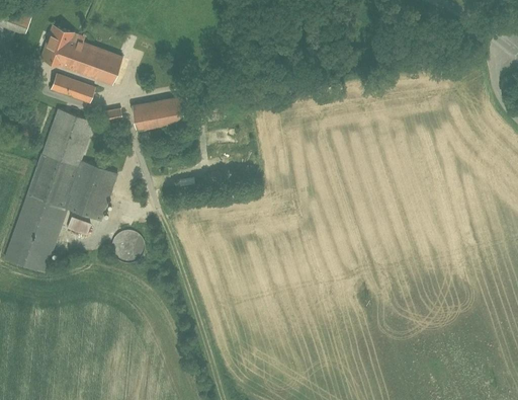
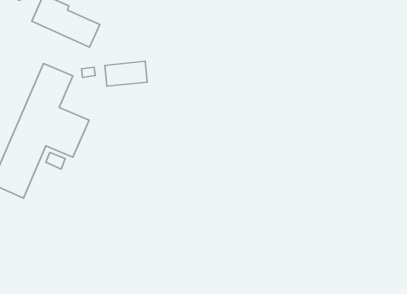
building: [50,74,95,103] -> none
building: [111,230,143,262] -> none

